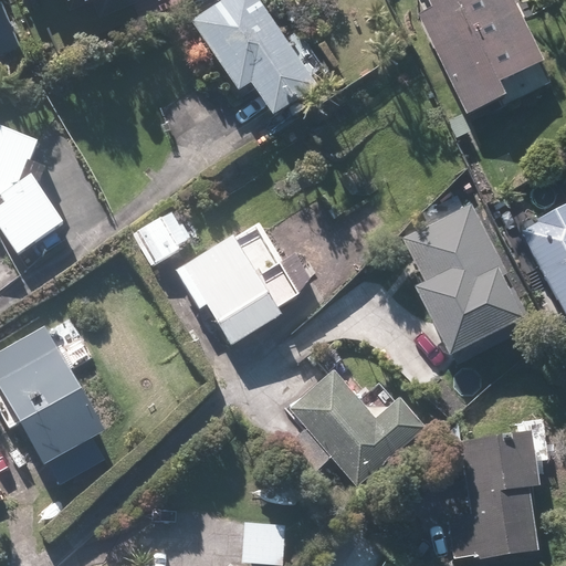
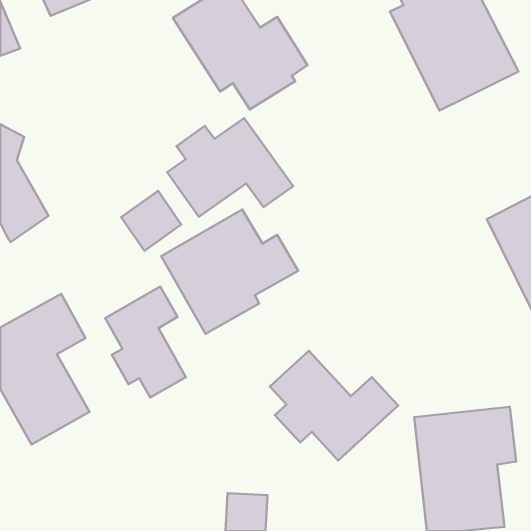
building: none -> [167,118,293,217]
building: [402,201,521,356] -> none
building: none -> [105,286,186,398]

